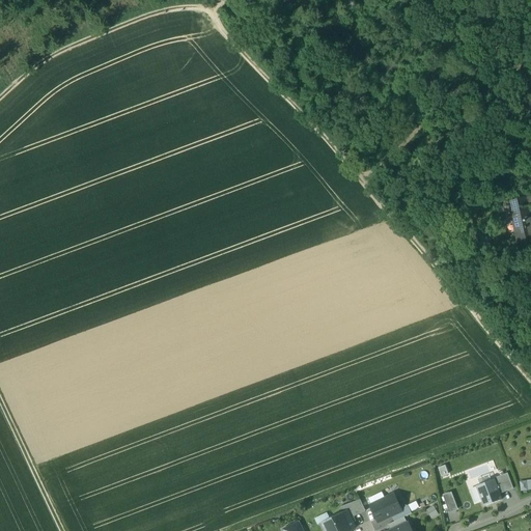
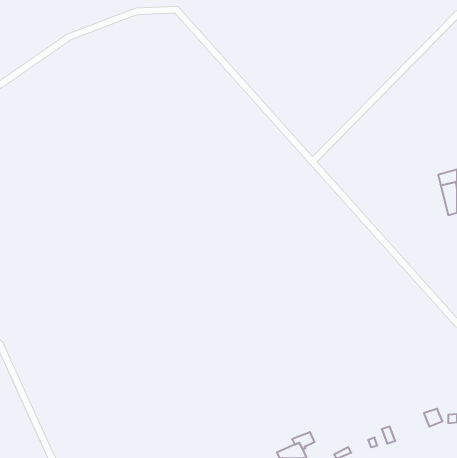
building: [475,481,499,507] -> none
building: [369,495,401,523] -> none

